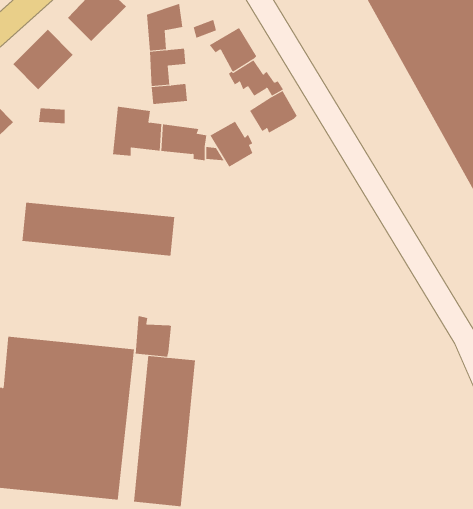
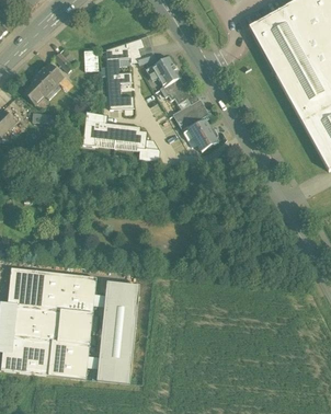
building: [210,121,253,168] -> [189,119,218,151]
building: [22,202,175,257] -> none
building: [135,315,172,357] -> none

